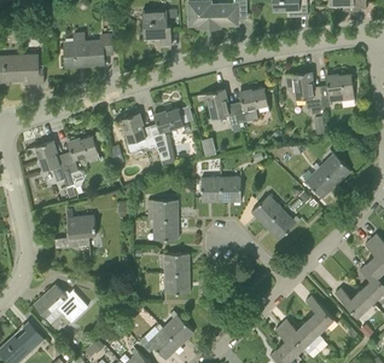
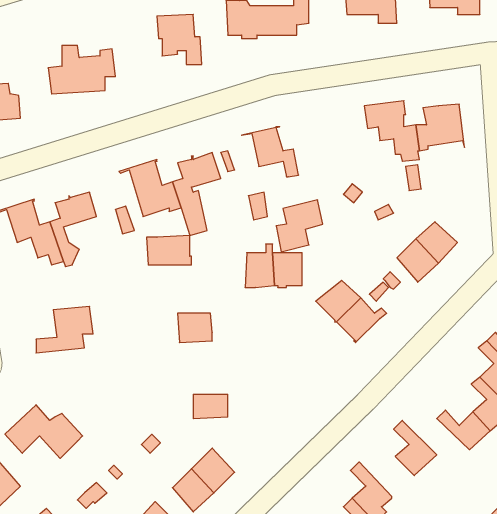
building: [234,87,267,123] -> [276,200,323,252]
building: [146,200,178,220] -> [147,236,191,265]
building: [164,254,188,277] -> none
building: [280,319,322,355] -> none

